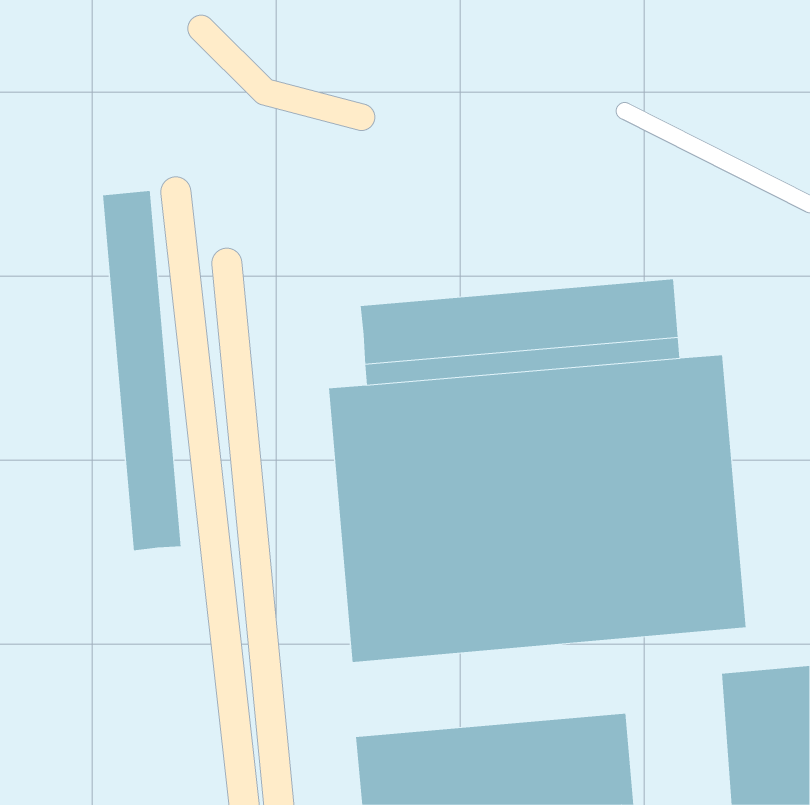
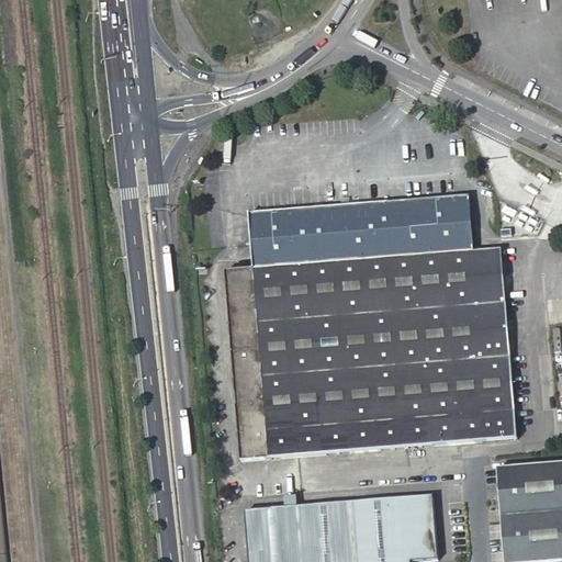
building: [103,190,181,551] -> none

